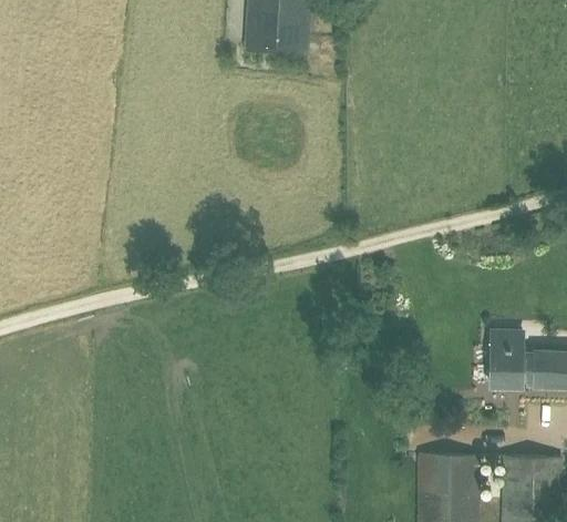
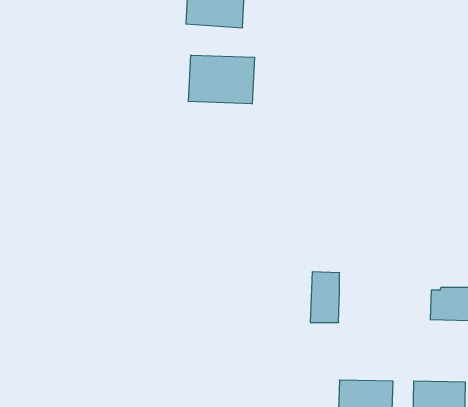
building: none -> [189,55,255,104]
building: [489,330,523,388] -> [310,272,340,322]

